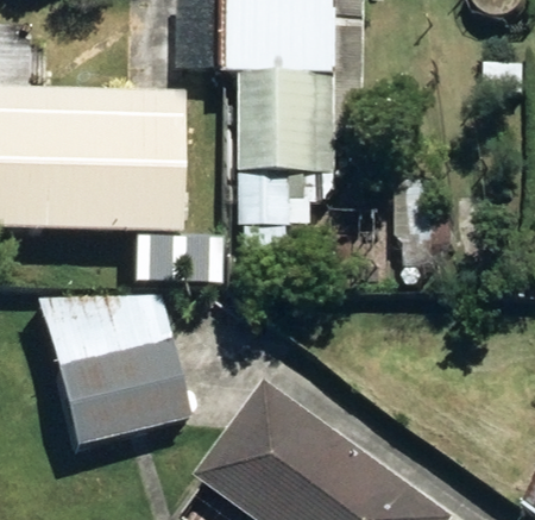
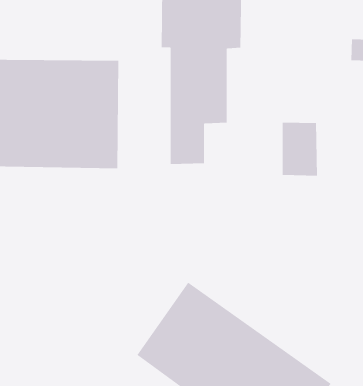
building: [34,293,188,445] -> none

